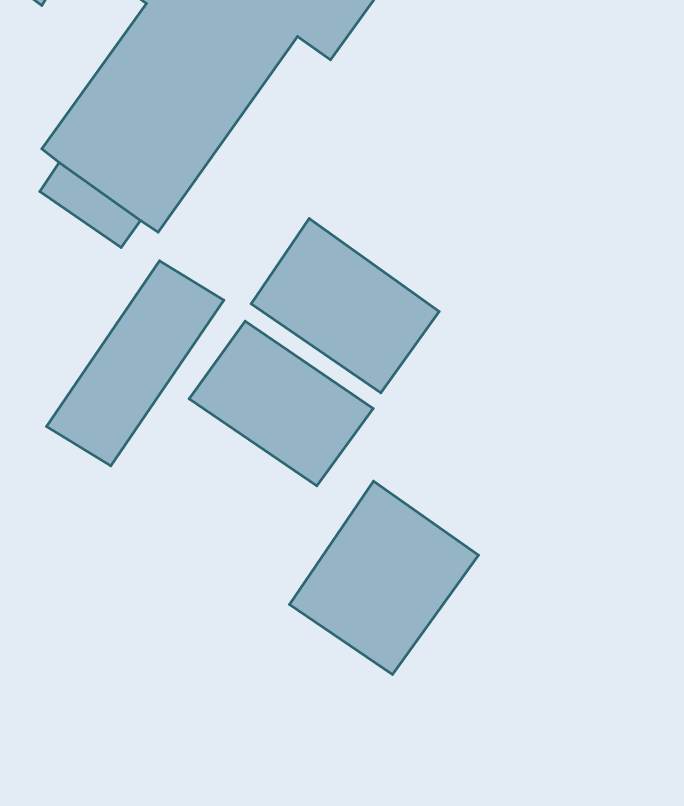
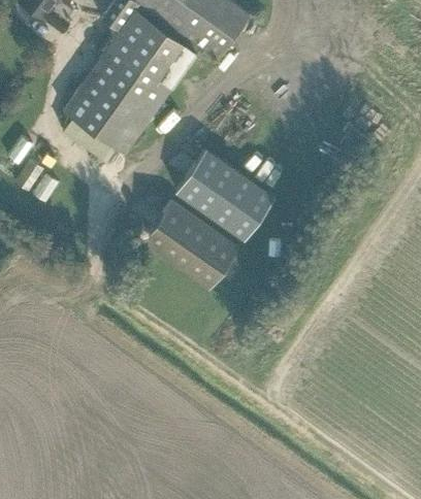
building: [47,261,224,466] -> none
building: [290,481,478,675] -> none

